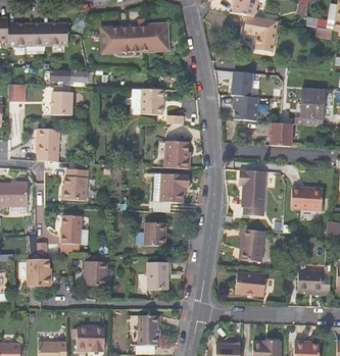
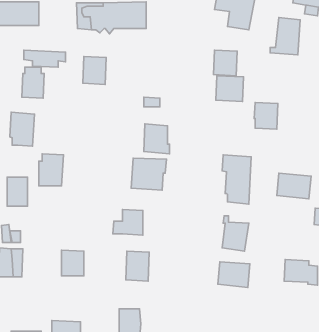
building: [295,87,324,122] -> [270,18,300,55]
building: [137,89,159,115] -> [83,57,106,84]
building: [61,216,81,244] -> [7,177,27,206]

